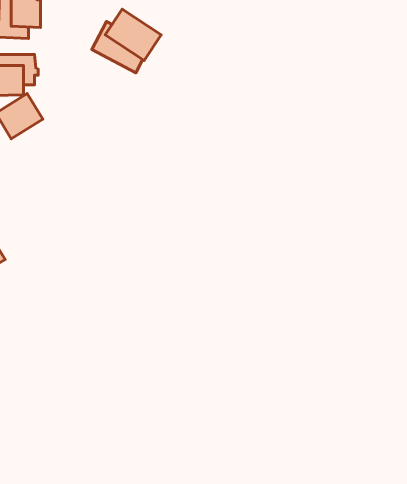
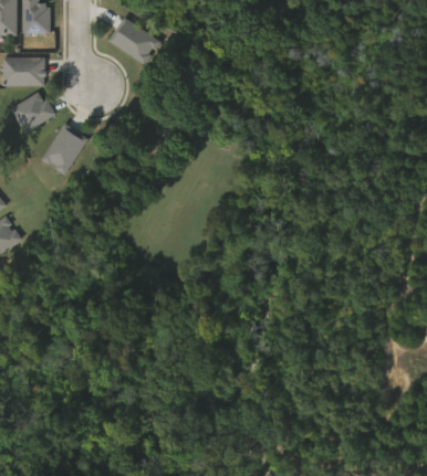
building: none -> [40,126,84,174]

